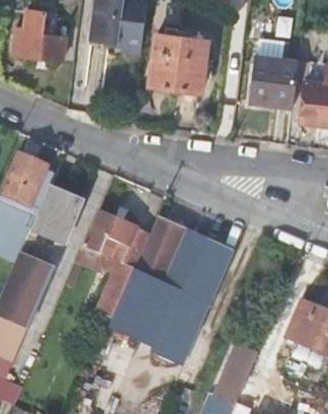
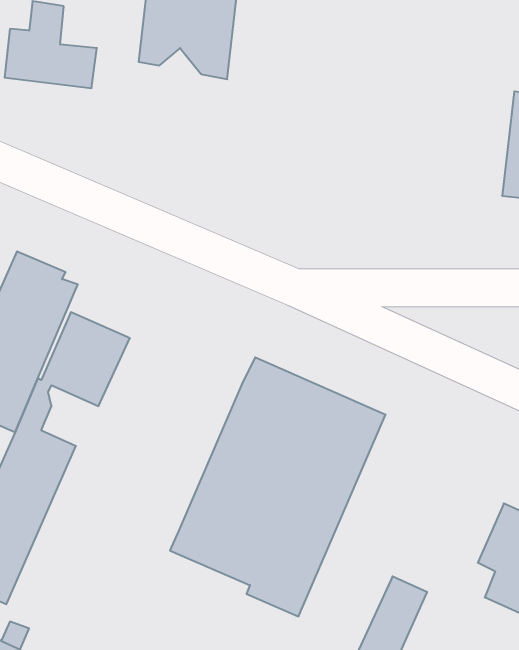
building: [149,31,209,91] -> none
building: [249,37,298,105] -> none
building: [78,209,150,318] -> none

